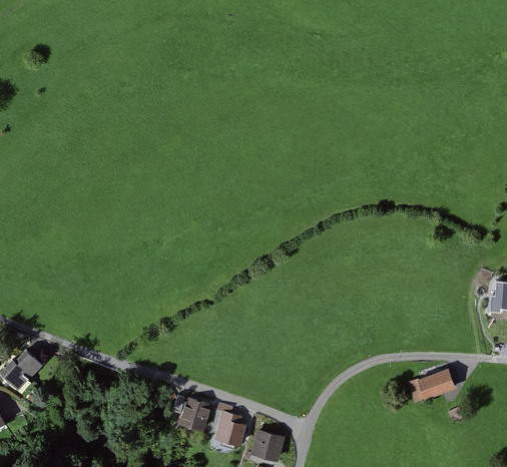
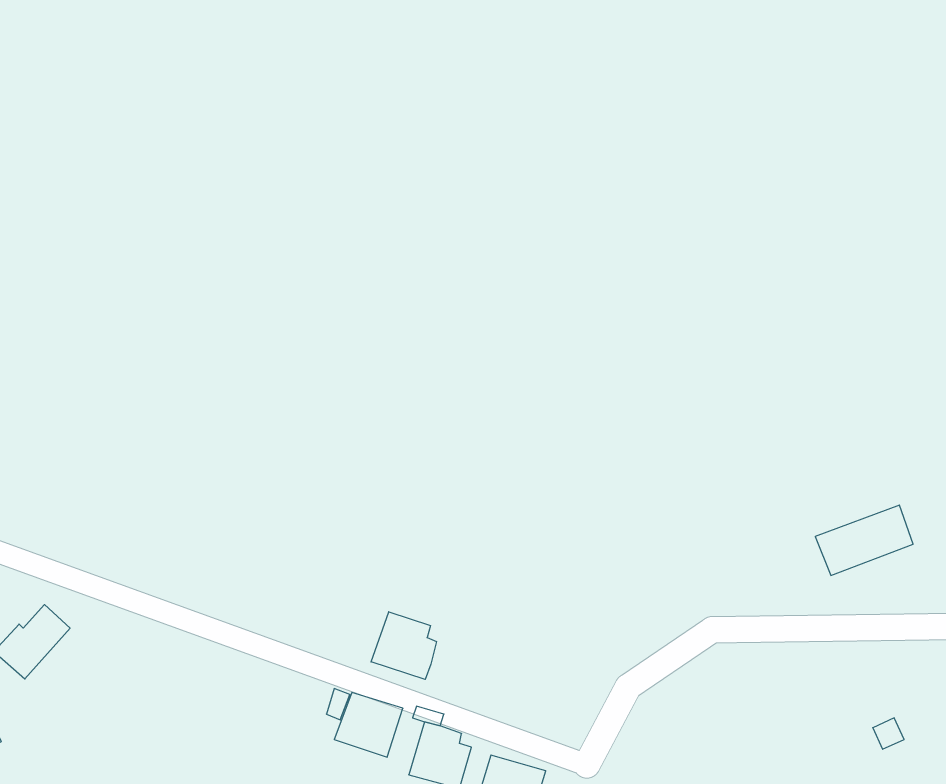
building: none -> [371,612,437,679]
building: [409,370,459,406] -> [815,505,913,575]

